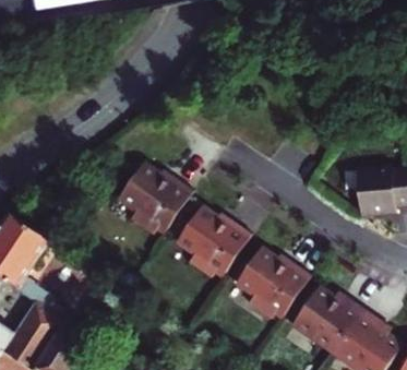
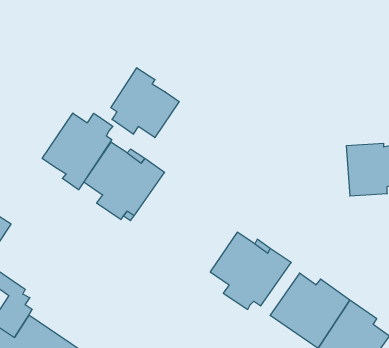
building: none -> [111,68,179,138]
building: none -> [42,113,113,190]
building: [175,206,250,278] -> none

